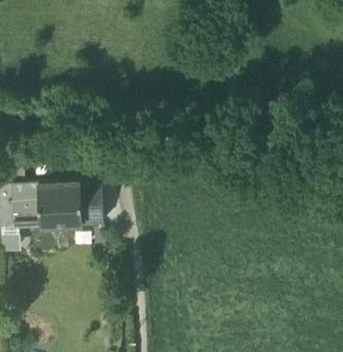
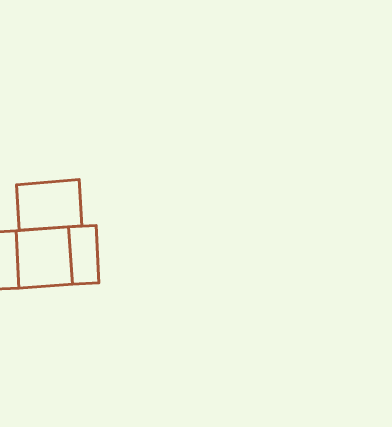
building: none -> [16,179,82,230]

